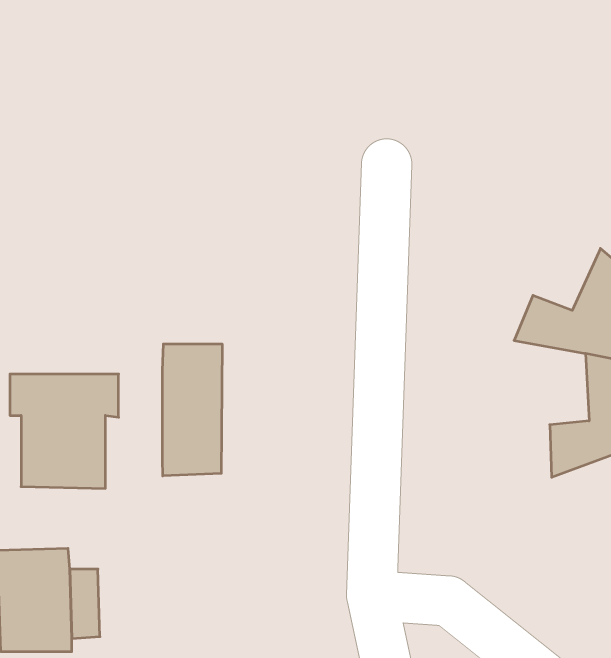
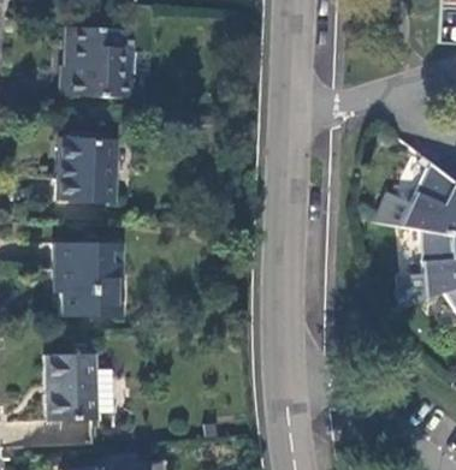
building: none -> [59,25,131,94]
building: none -> [57,138,113,201]
building: [162,344,222,476] -> none

